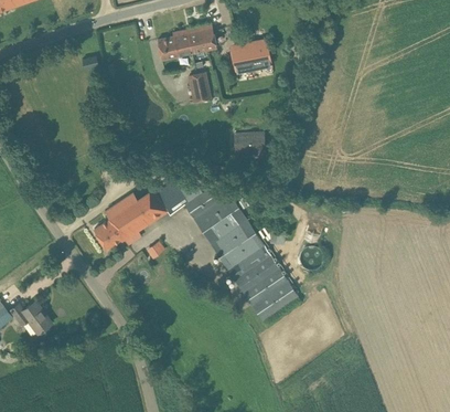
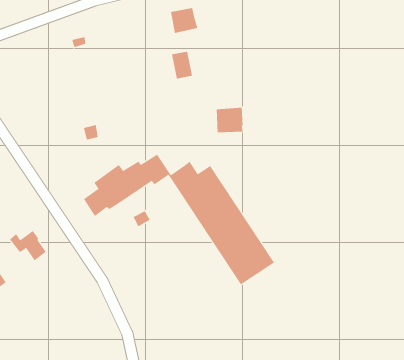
building: [157,30,191,60] -> none
building: [231,43,271,73] -> none
building: [10,300,50,334] -> [9,230,47,261]

